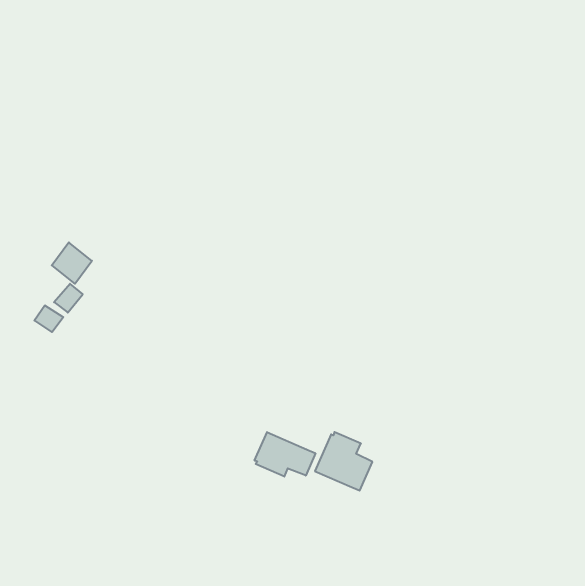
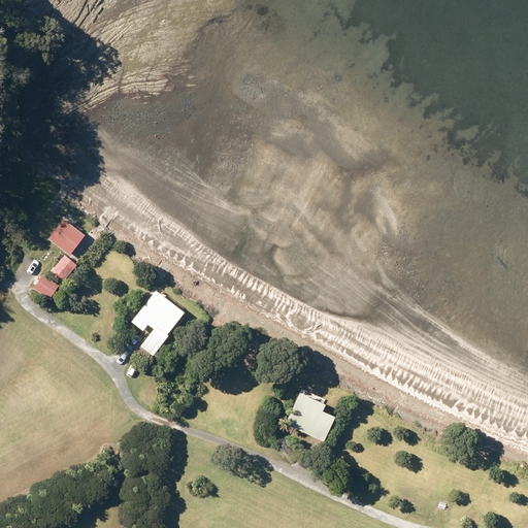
building: none -> [131,291,184,356]
building: [255,432,315,477] -> none

